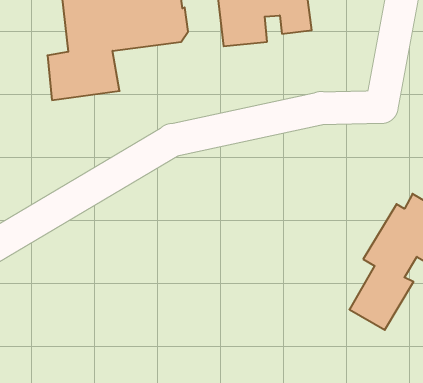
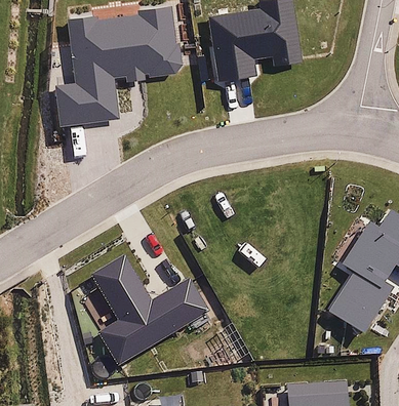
building: none -> [90,254,210,366]

